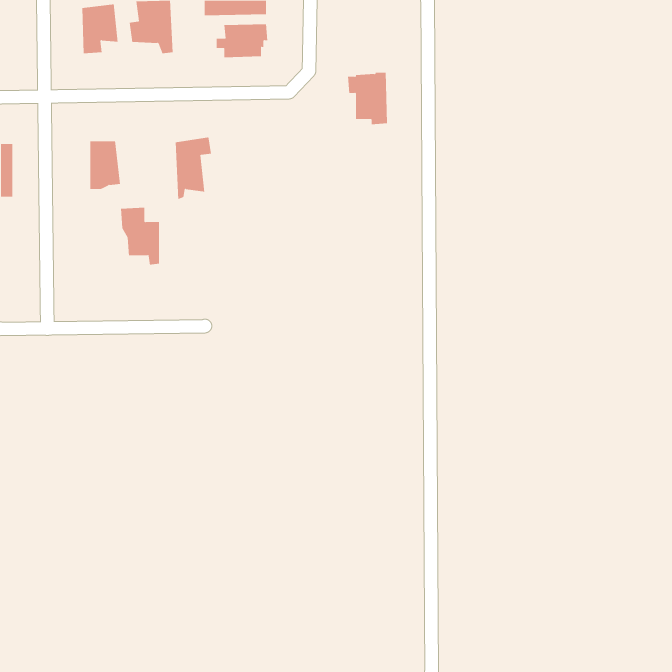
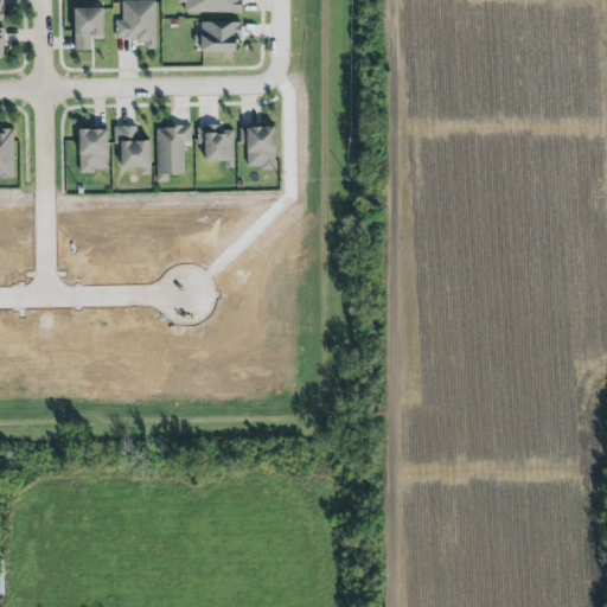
building: [347,72,388,125] -> [239,123,276,171]
building: none -> [200,128,235,170]
building: [120,207,160,265] -> [115,123,151,175]

